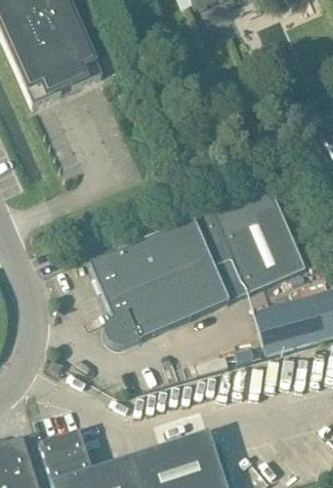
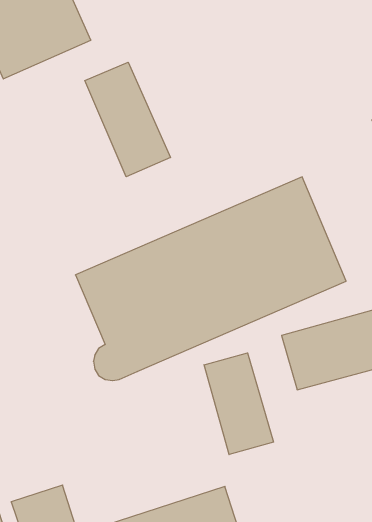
building: none -> [85,62,170,177]
building: none -> [204,353,273,455]

